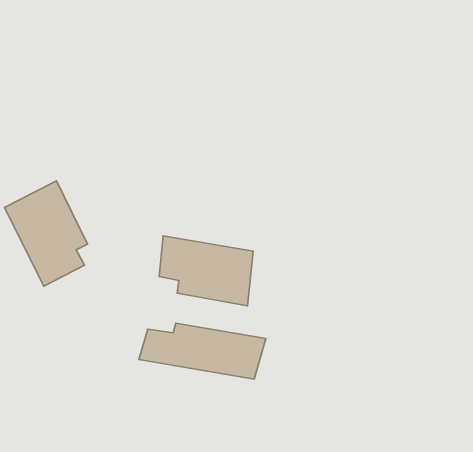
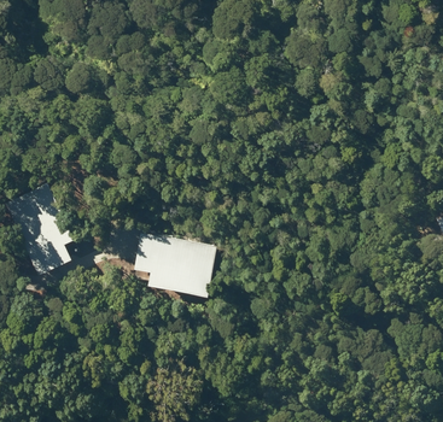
building: [139,323,266,379] -> none

